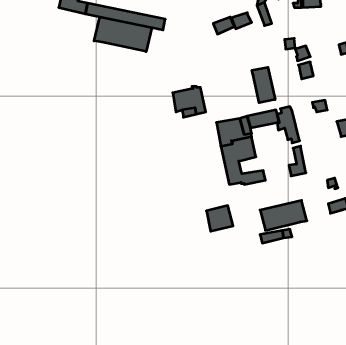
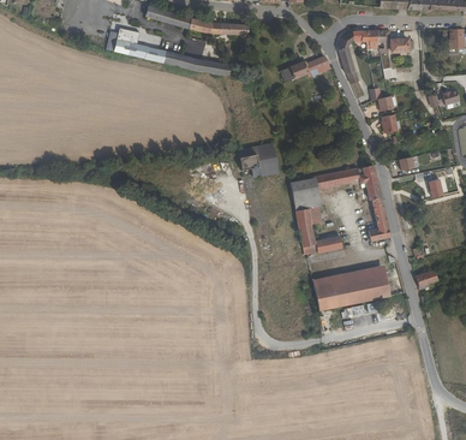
building: [94,17,152,52] -> none
building: [252,67,275,103] -> none
building: [206,206,233,231] -> [315,280,345,309]

